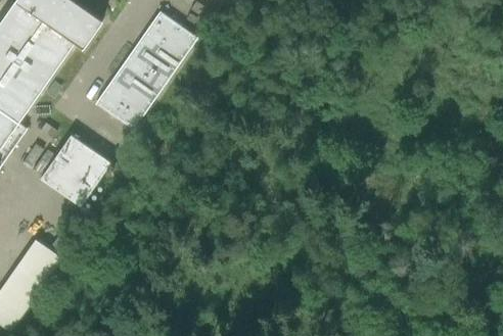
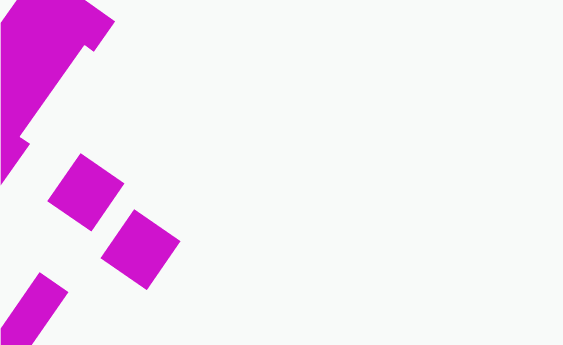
building: [95,11,197,130] -> none
building: none -> [99,208,182,291]

